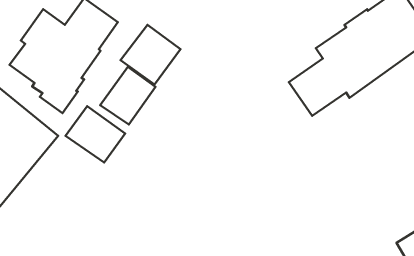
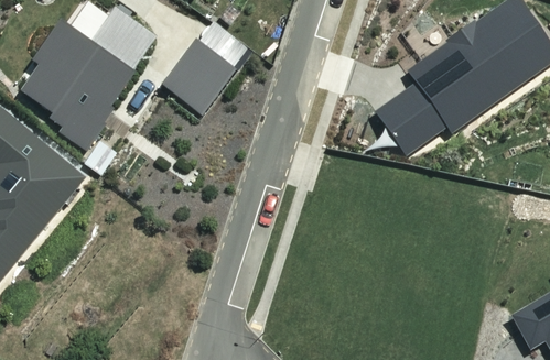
building: [100,67,156,125] -> none
building: [66,106,125,163] -> none

